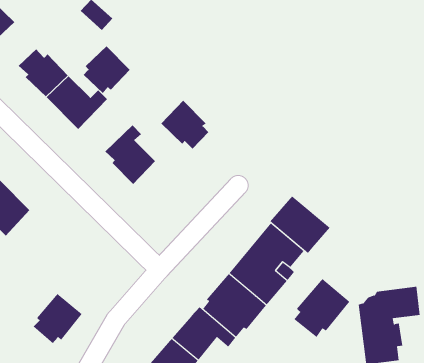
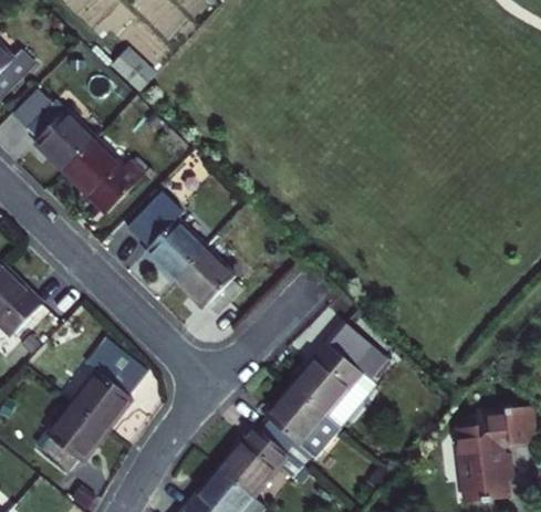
building: [83,45,131,94] -> none
building: [160,100,209,150] -> [170,244,232,307]
building: [269,195,330,254] -> none
building: none -> [71,342,148,438]
building: [294,278,350,338] -> none

